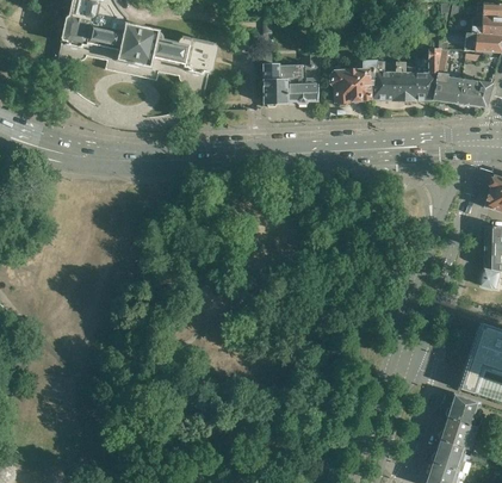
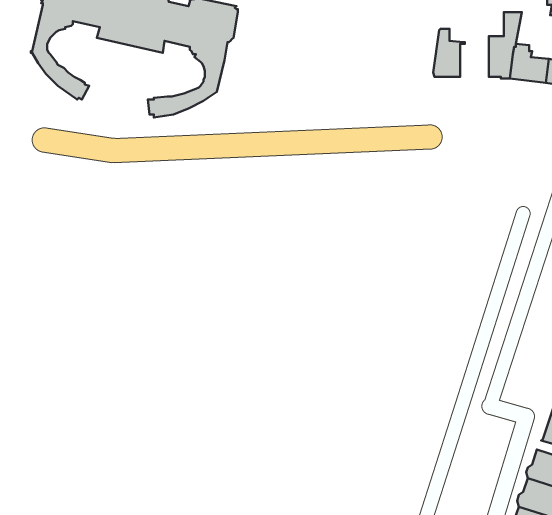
building: [262,51,321,106] -> none
building: [329,60,377,106] -> none
building: [392,61,415,100] -> none

